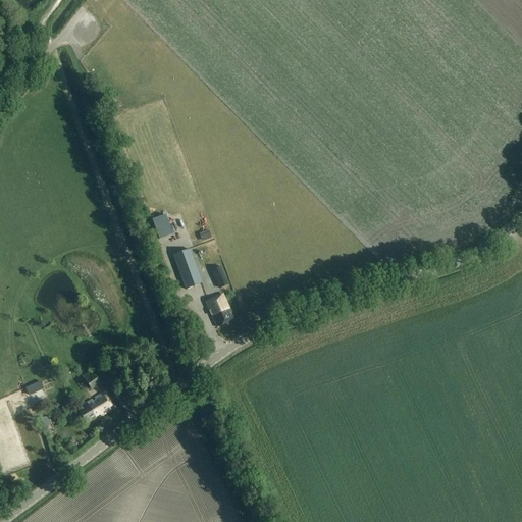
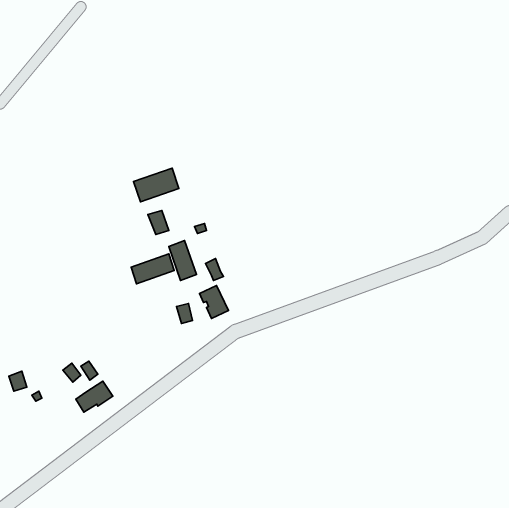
building: none -> [134,168,179,202]
building: none -> [131,254,174,284]

